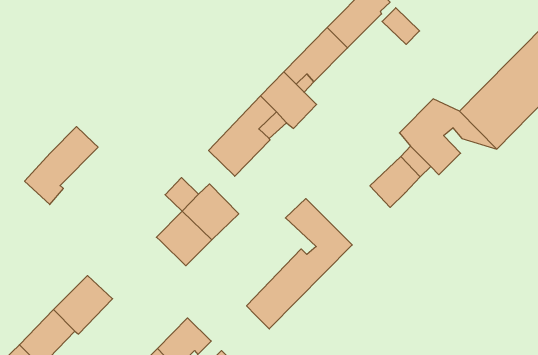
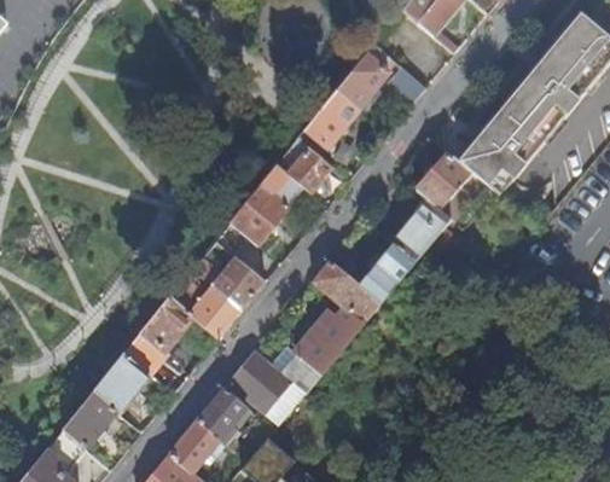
building: [25,127,98,205] -> [122,297,191,376]
building: none -> [356,243,412,302]
building: none -> [227,350,290,412]

